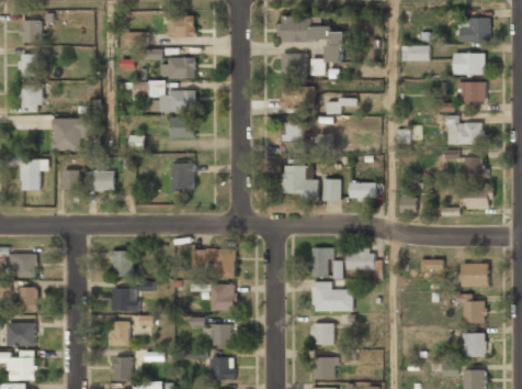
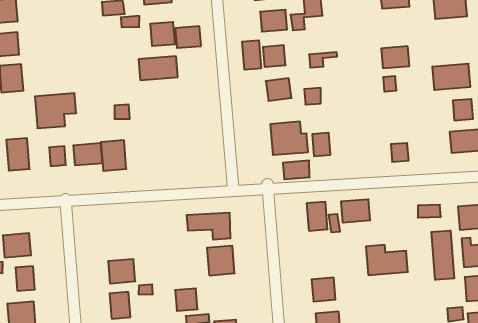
building: none -> [242,40,261,70]
building: [459,82,486,102] -> [381,46,409,68]
building: [170,118,194,137] -> [175,26,201,48]
building: [172,163,195,191] -> [101,140,126,171]
building: [350,182,376,199] -> [283,161,310,179]
building: [113,252,134,277] -> none
building: [313,282,352,311] -> [366,245,408,275]
building: none -> [431,230,454,280]
building: [211,324,231,345] -> [175,288,198,311]

